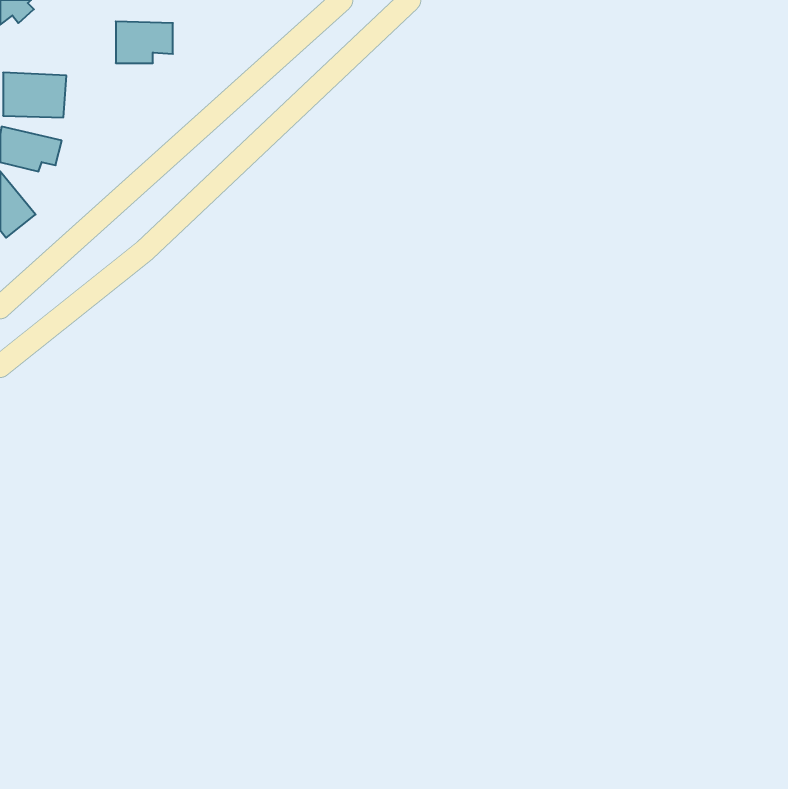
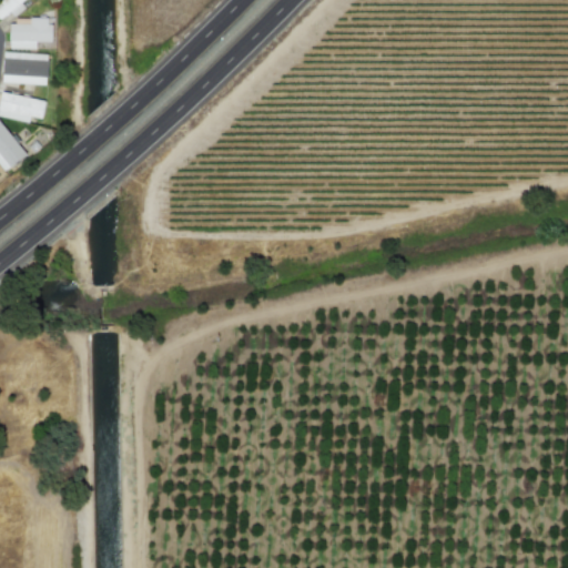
building: [116,21,173,63] -> [10,19,51,49]

